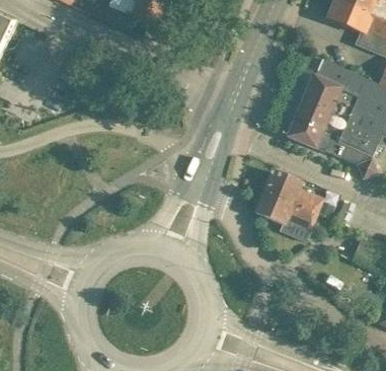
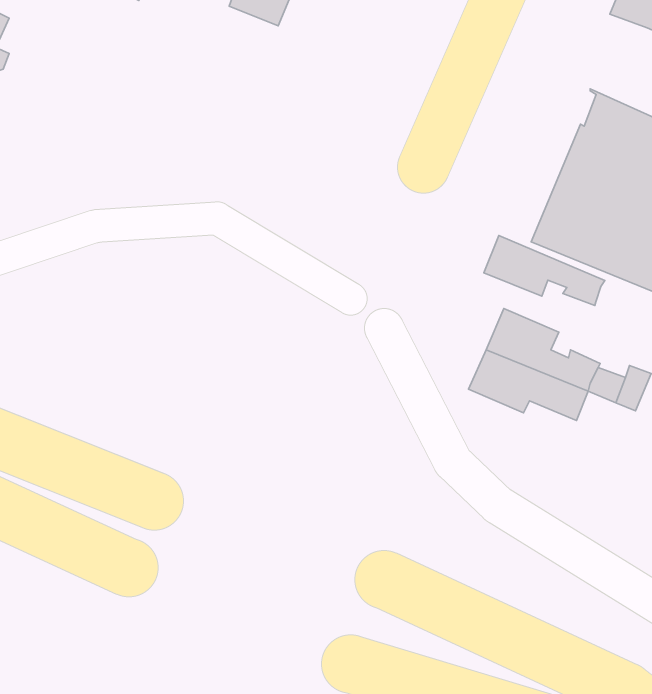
building: none -> [484,235,605,305]

